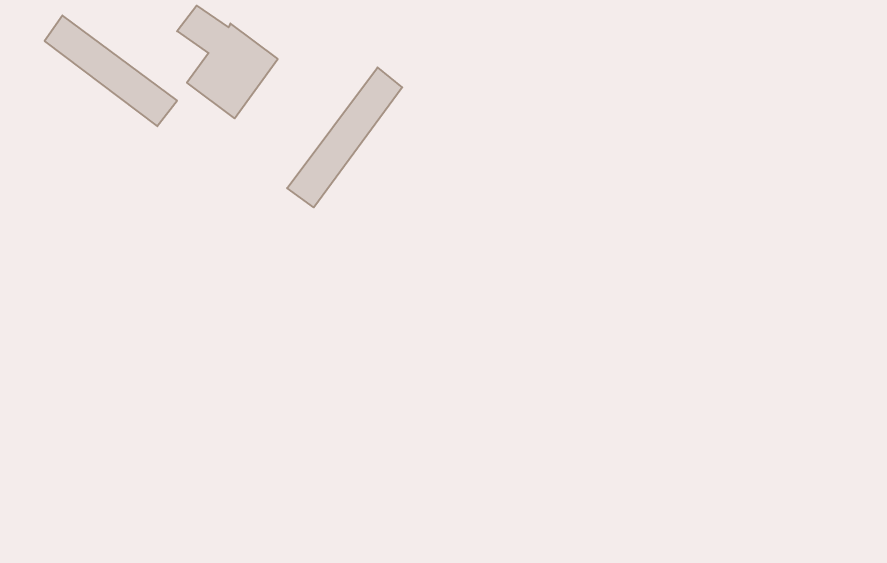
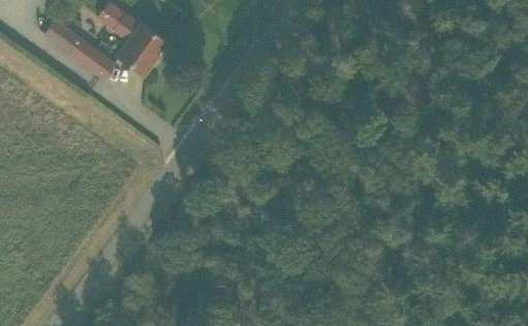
building: [287,67,402,207] -> none

